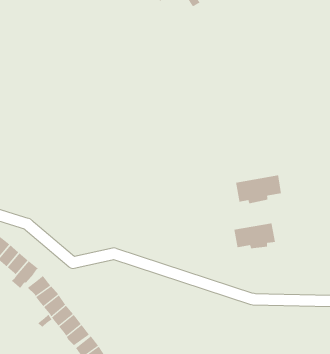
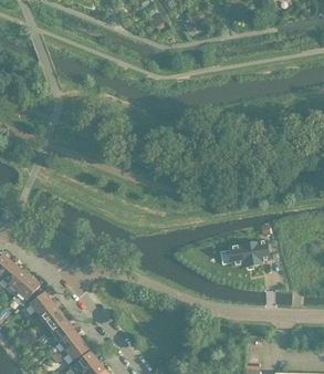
building: [236,174,282,204] -> none

